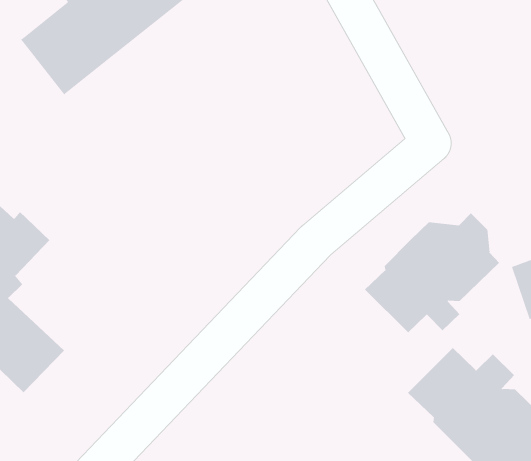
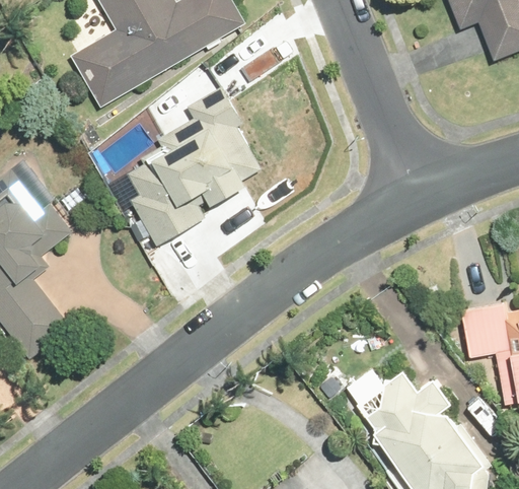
building: none -> [125,85,261,244]
building: [364,212,500,333] -> none

